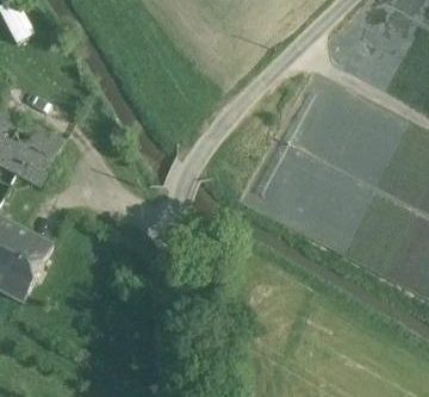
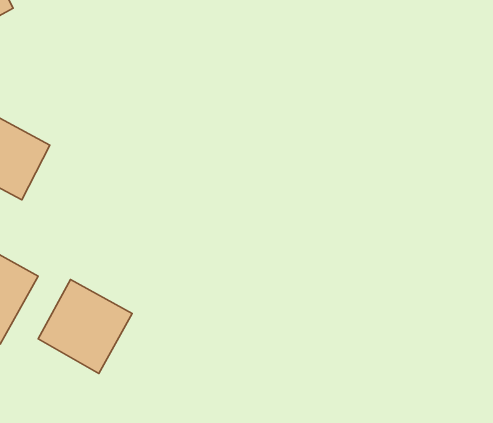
building: none -> [38,279,132,373]

